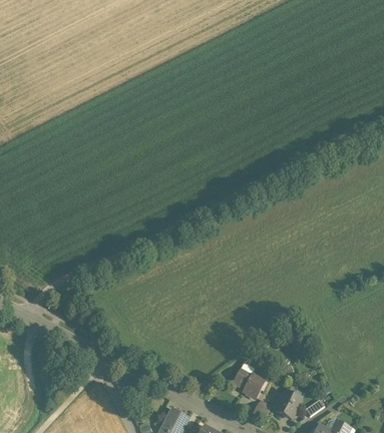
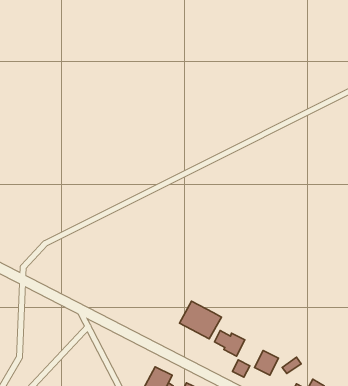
building: none -> [179,301,221,339]

